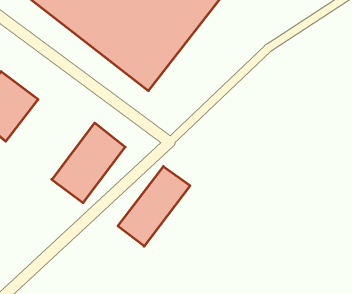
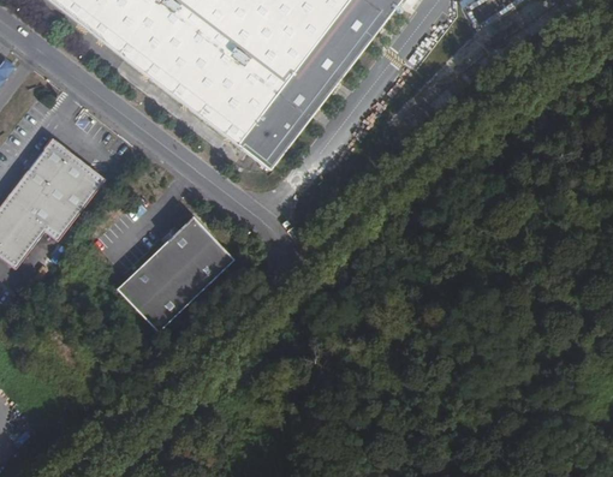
building: [118,166,190,246] -> none

